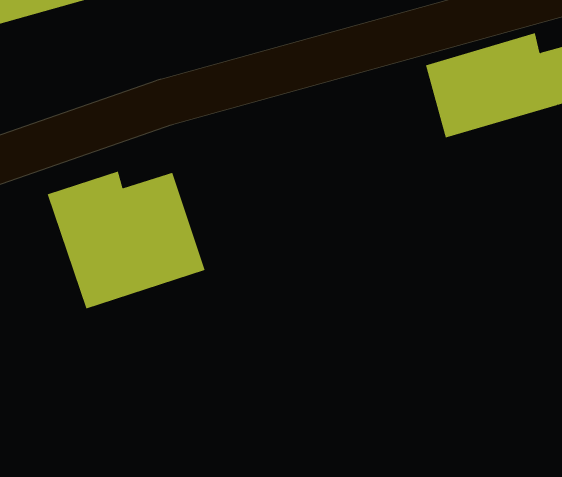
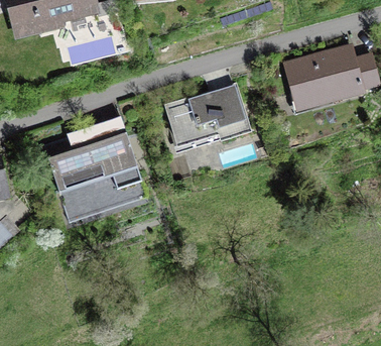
building: none -> [167,85,248,143]

